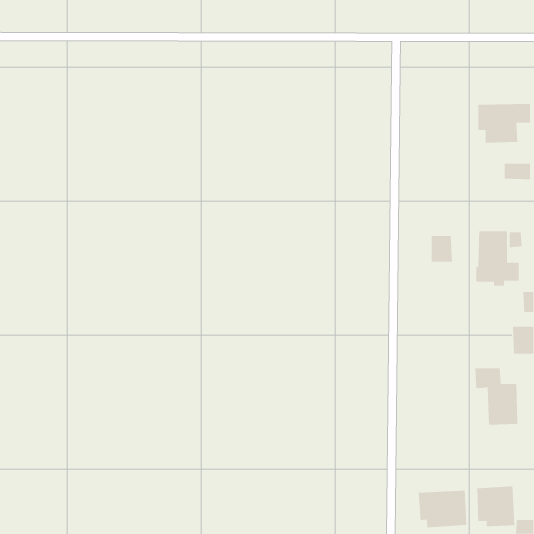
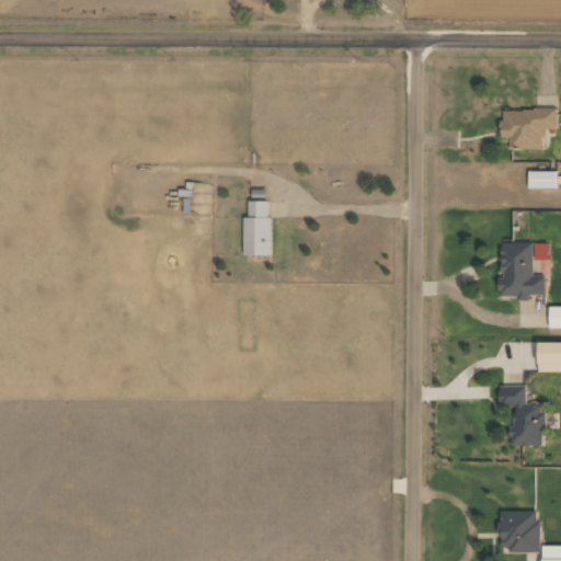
building: none -> [242,201,270,255]
building: [431,235,452,262] -> none
building: [418,490,467,528] -> none

